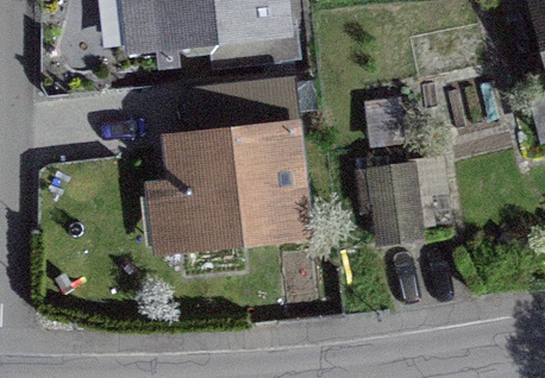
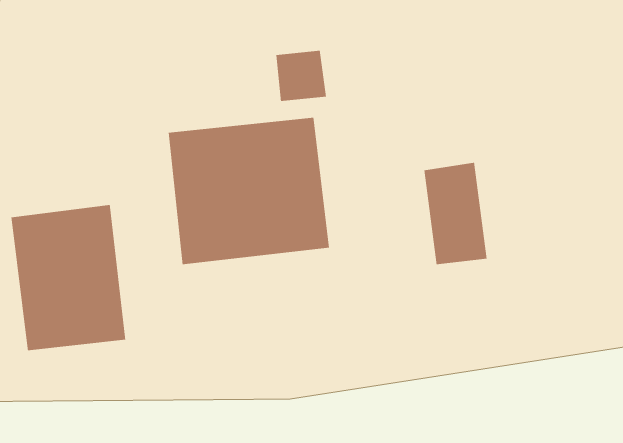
building: none -> [11,204,126,351]

